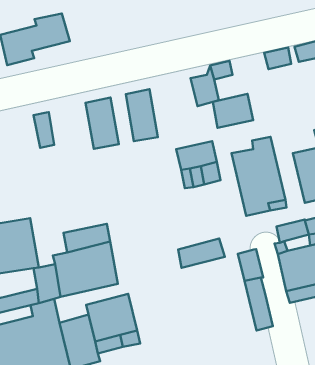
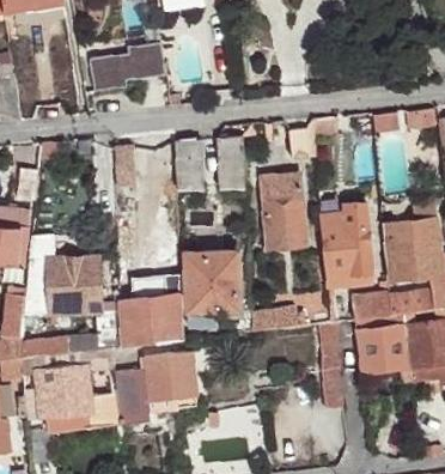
building: [213,94,253,128] -> [262,171,303,203]
building: none -> [185,251,239,323]

